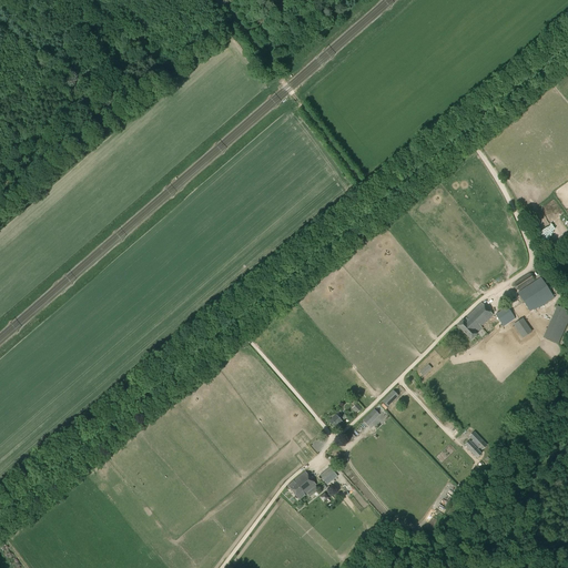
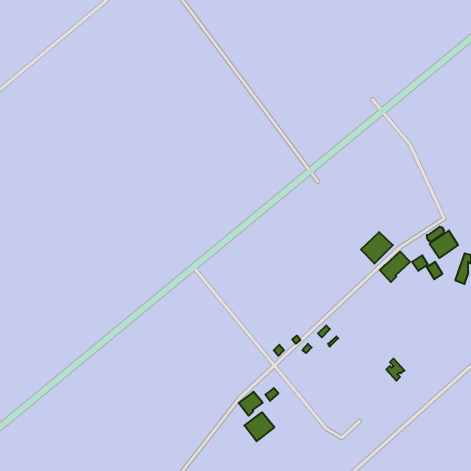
building: none -> [361,232,393,264]
building: none -> [244,412,274,441]

